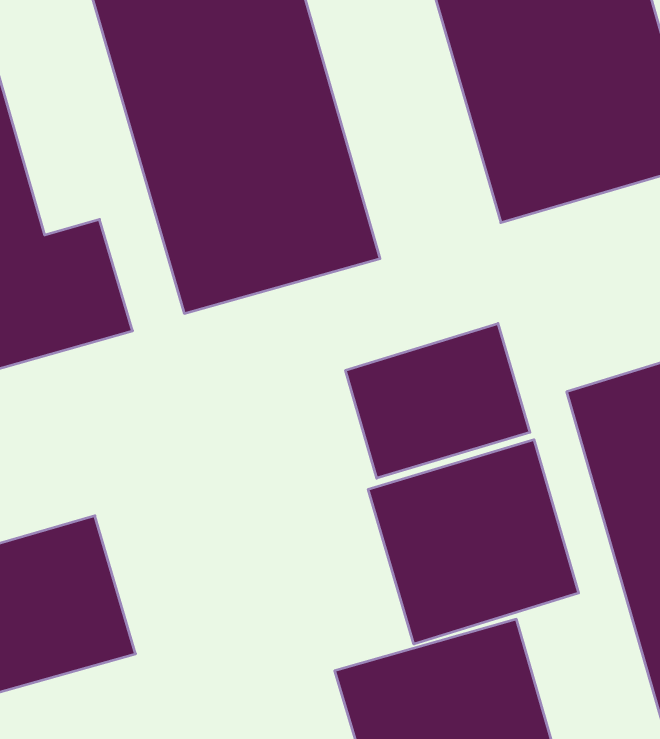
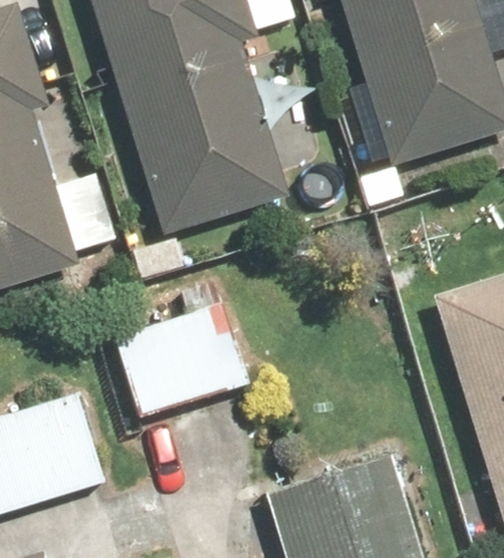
building: [346,323,530,478] -> none
building: none -> [116,293,260,415]
building: [368,440,579,644] -> none

